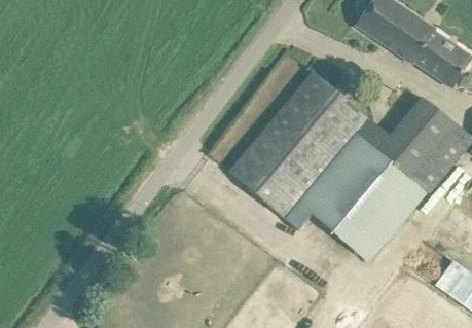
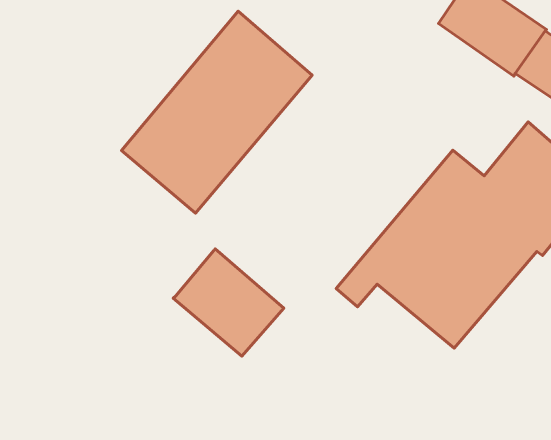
building: [228,70,366,216] -> [121,11,312,213]
building: none -> [173,249,284,356]

